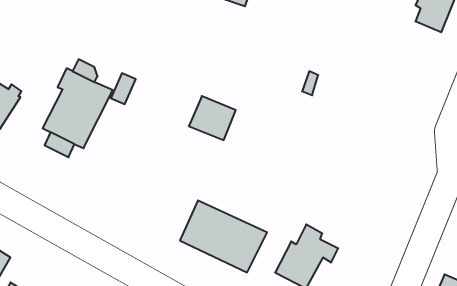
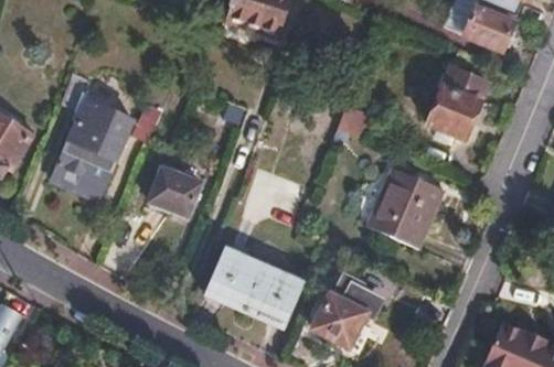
building: none -> [429,65,489,138]
building: [189,96,236,140] -> [157,166,209,215]
building: none -> [369,168,444,248]

